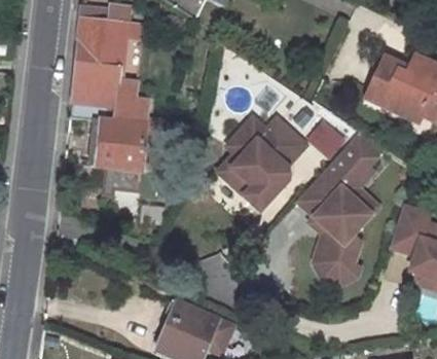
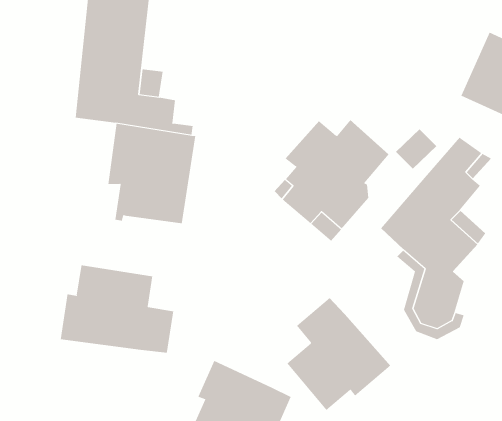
building: none -> [60,264,174,354]
building: none -> [286,297,391,411]

